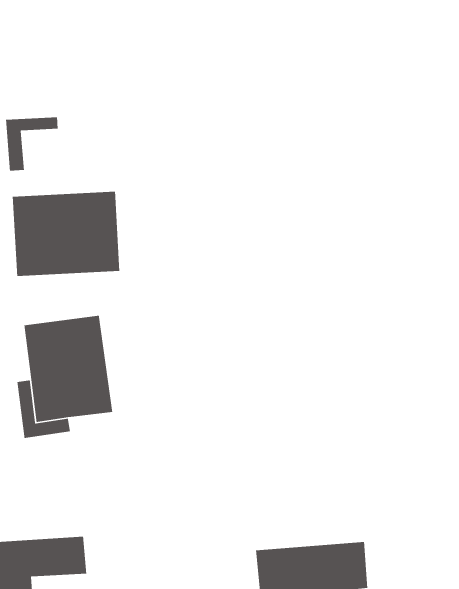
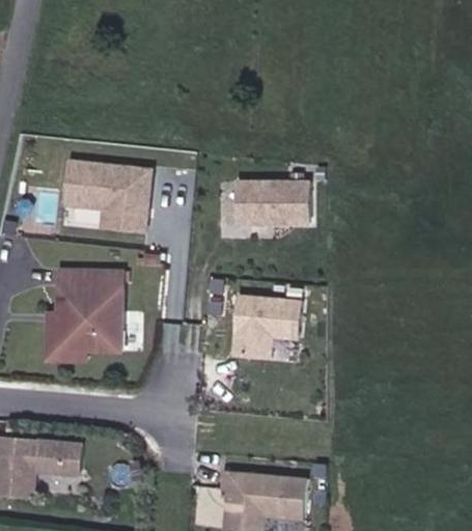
building: [5,116,58,171] -> none
building: none -> [232,183,311,224]
building: none -> [231,297,299,360]

